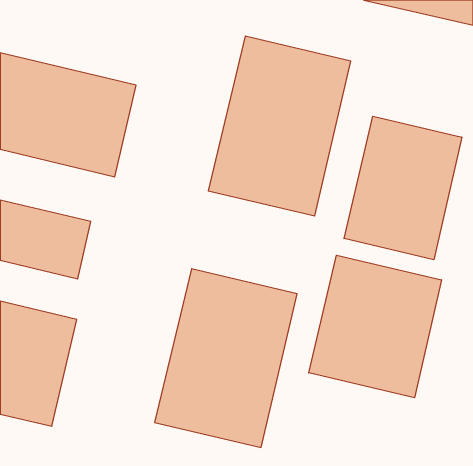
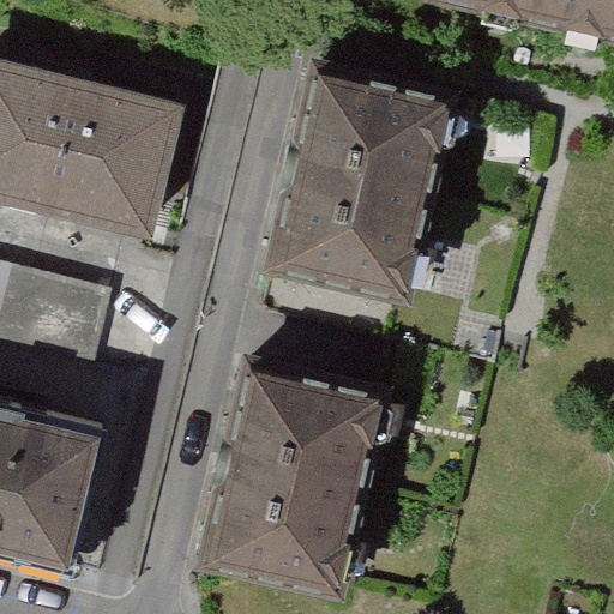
building: [344,116,462,260] -> none
building: [309,255,441,398] -> none

